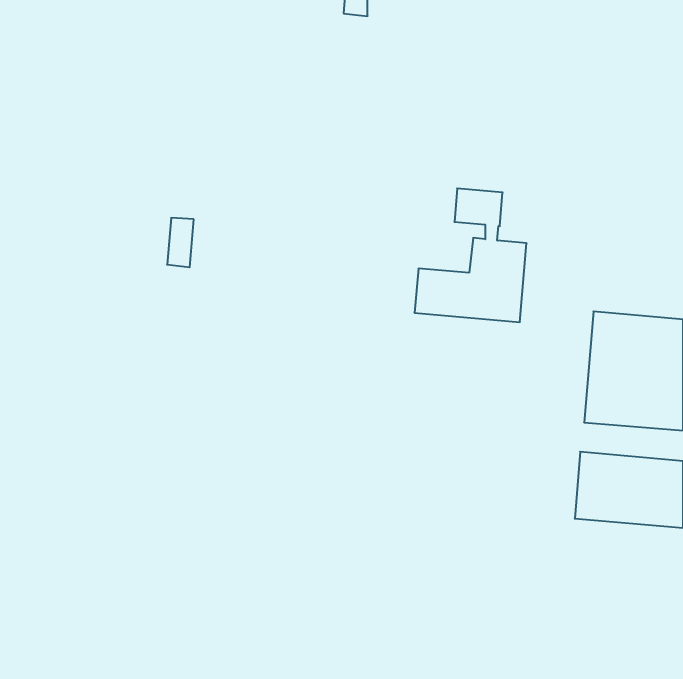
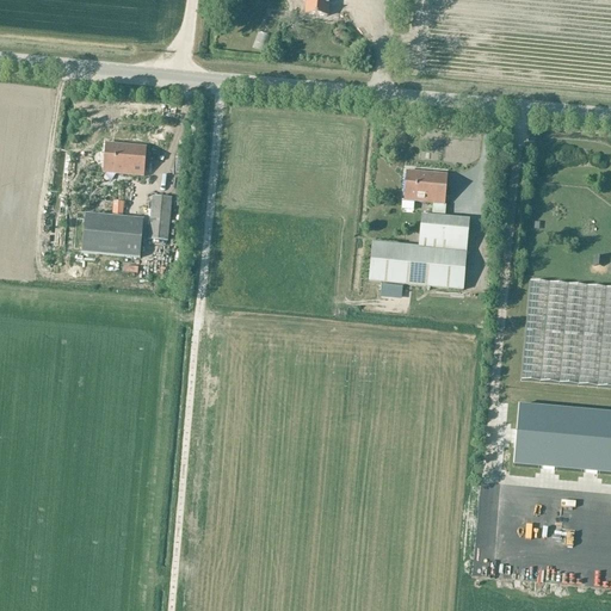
building: none -> [104,141,148,173]
building: none -> [82,198,144,255]

